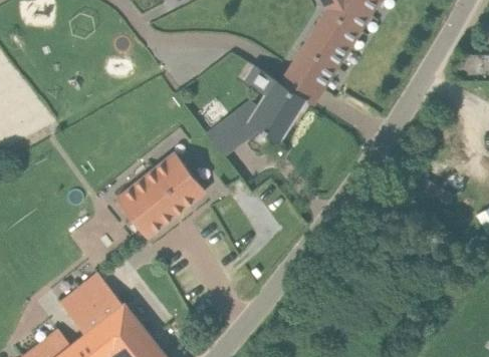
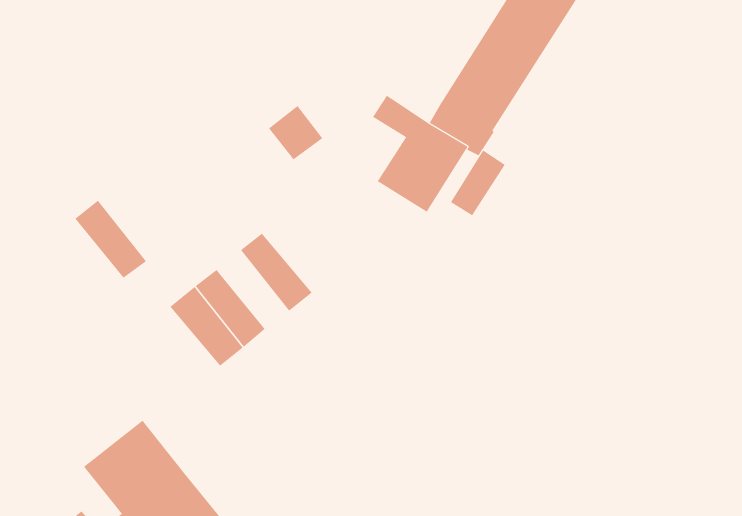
building: none -> [450,150,505,216]
building: [208,120,243,155] -> [268,105,323,160]
building: [146,164,192,215] -> [75,200,147,278]

